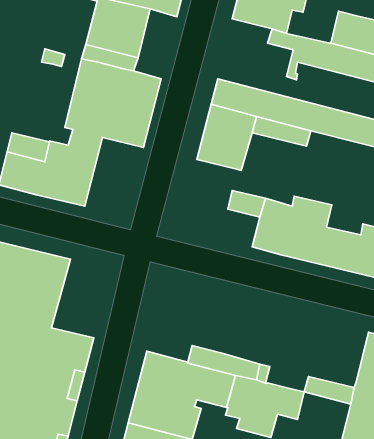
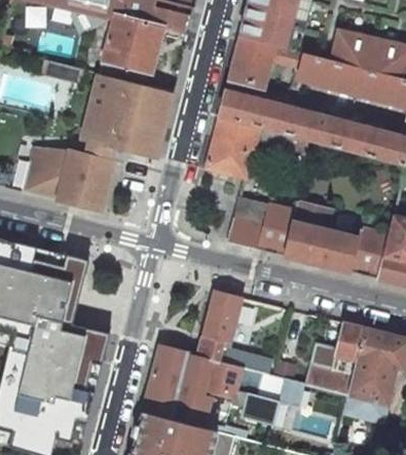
building: none -> [228,36,275,86]
building: none -> [227,213,264,248]
building: none -> [201,290,242,346]
building: none -> [332,321,365,373]

